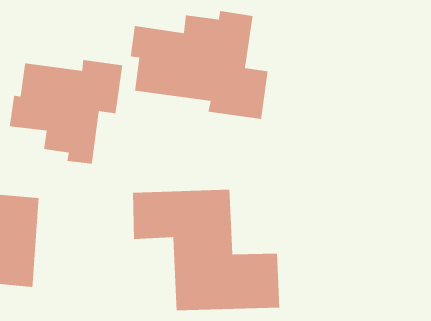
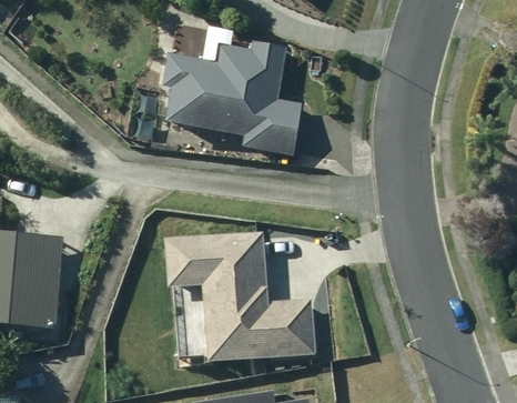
building: [9,59,123,164] -> none

